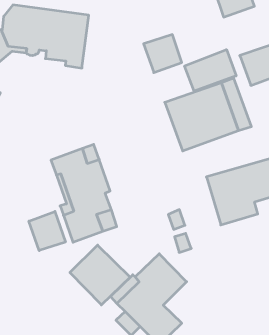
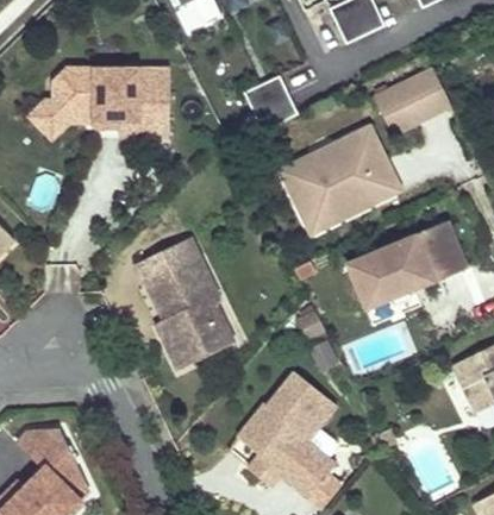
building: [185,50,236,91] -> none
building: [29,211,65,251] -> none
building: [70,245,130,305] -> none

